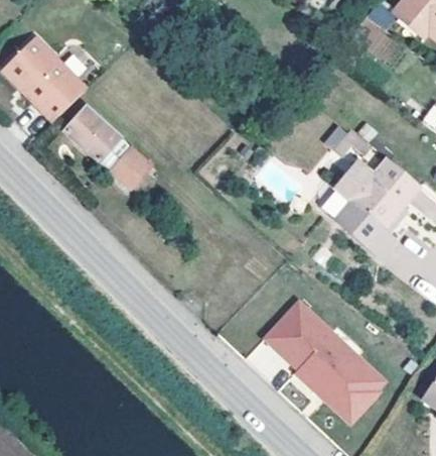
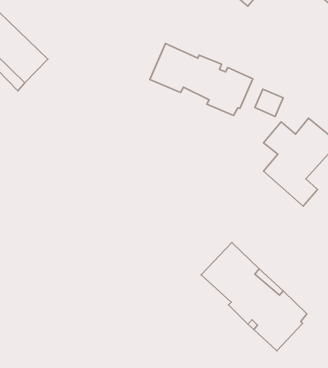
building: none -> [150,43,253,115]
building: [66,107,158,186] -> none

